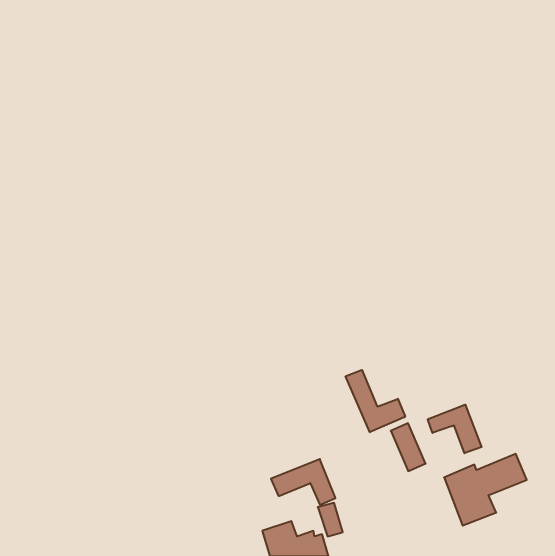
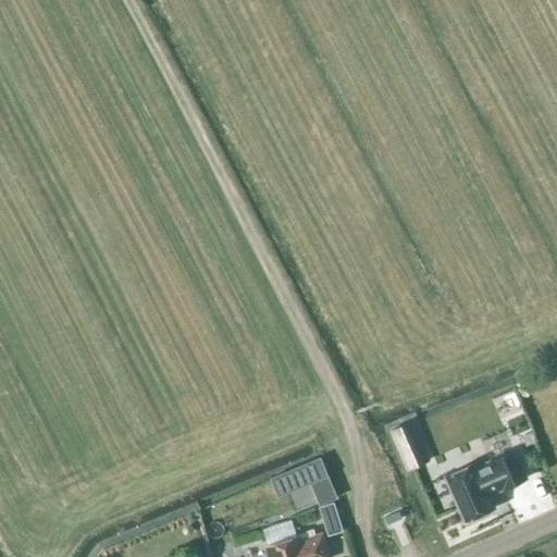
building: [346,370,405,432] -> none
building: [428,405,482,453] -> none

